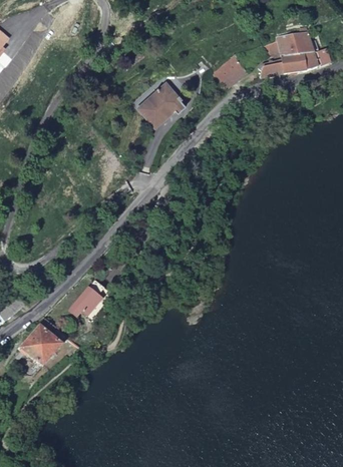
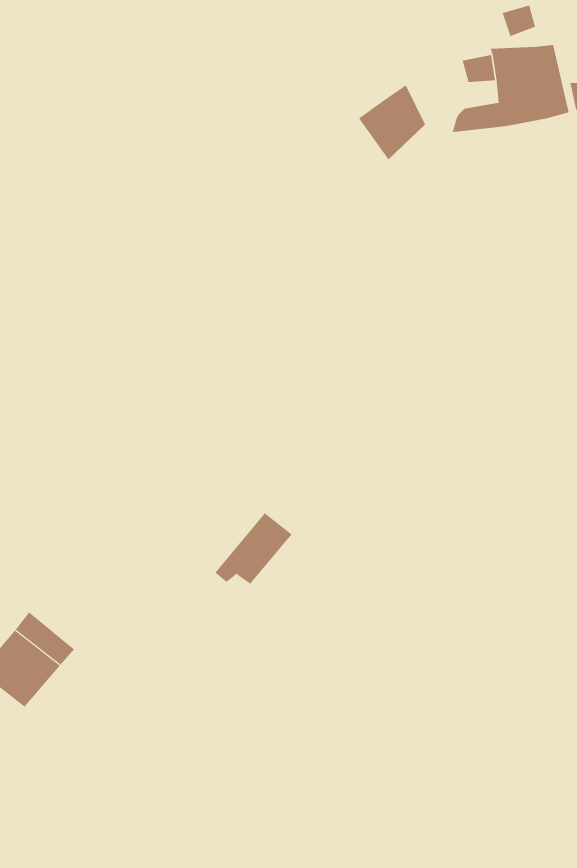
building: [139,83,187,126] -> none
building: [70,279,109,315] -> [215,513,292,584]

